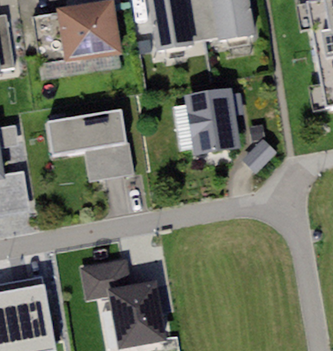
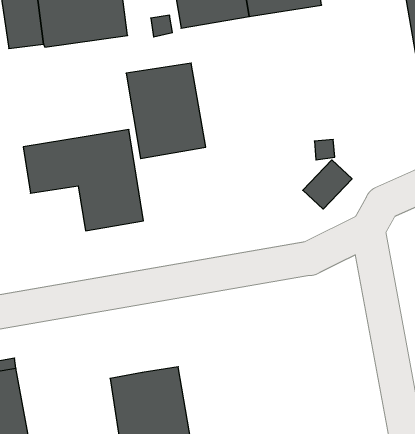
building: [186,88,241,154] -> [126,63,206,159]
building: [80,260,131,294] -> none

